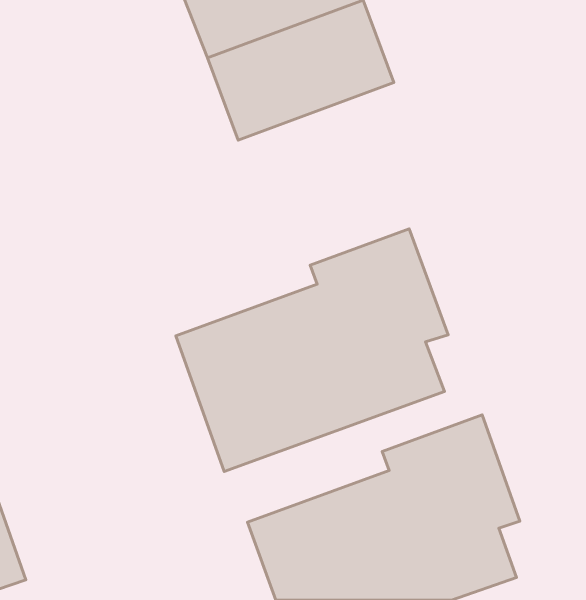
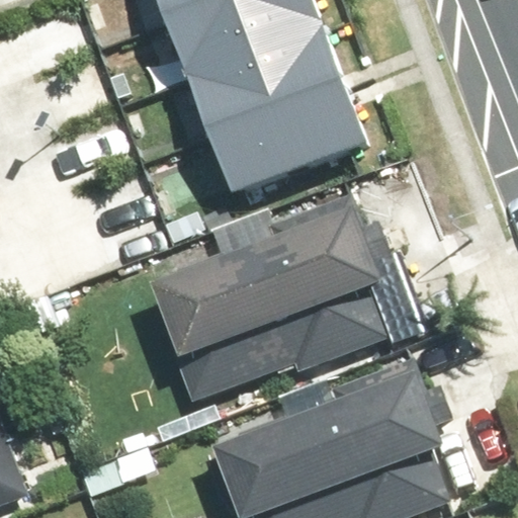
building: none -> [204,71,365,191]

